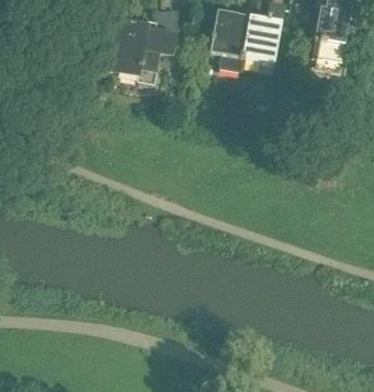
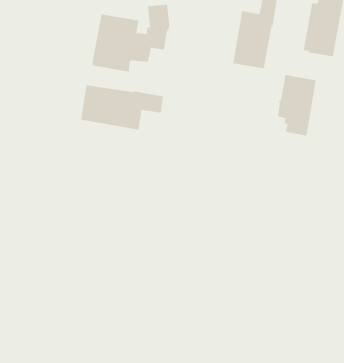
building: [212,9,251,70] -> [277,75,316,136]
building: none -> [80,84,163,130]

